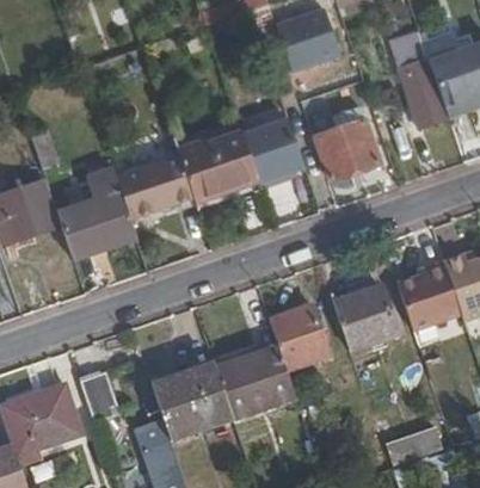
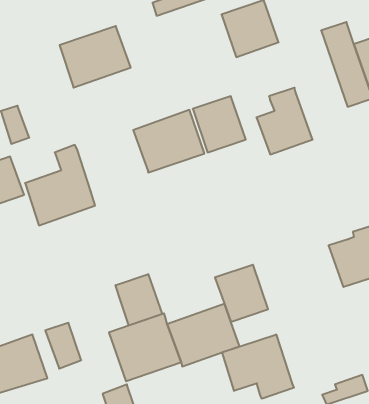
building: [115,154,195,223] -> [60,26,131,88]
building: [333,289,399,348] -> none
building: none -> [116,274,162,326]
building: none -> [222,334,294,399]

